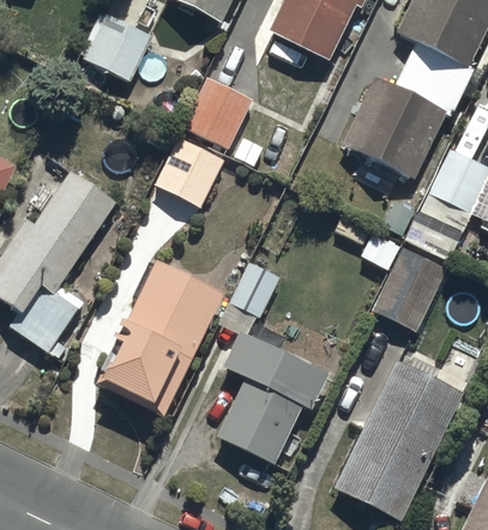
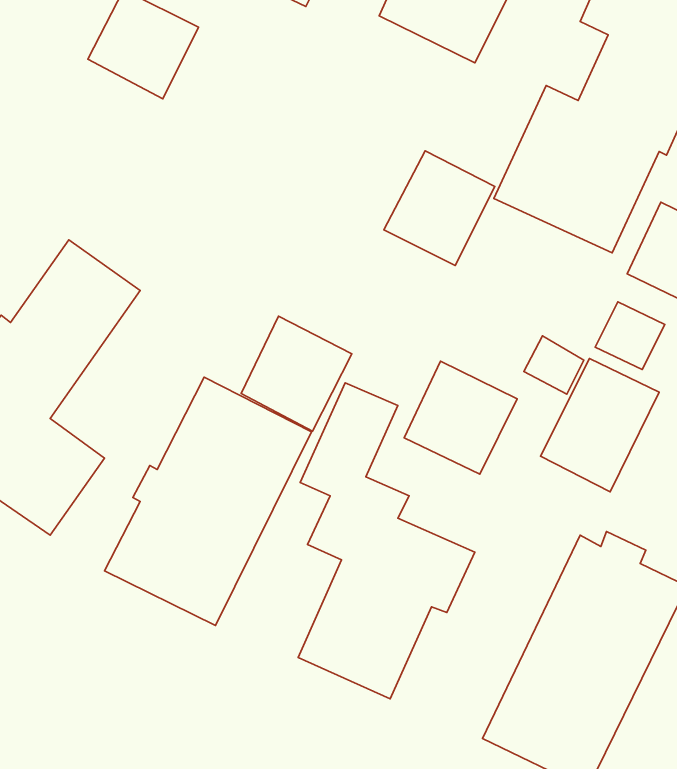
building: [182,77,253,150] -> [384,151,495,265]
building: [155,135,225,209] -> [241,316,352,431]
building: none -> [404,361,517,474]

